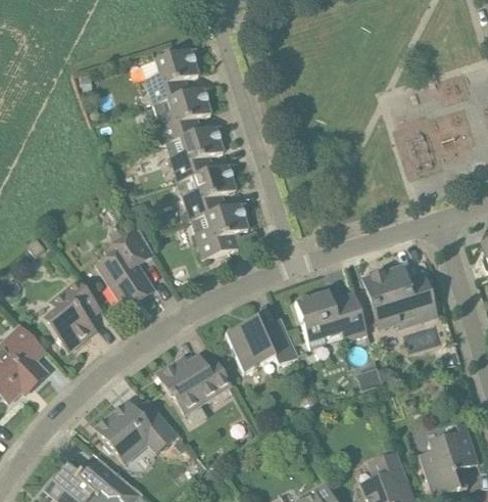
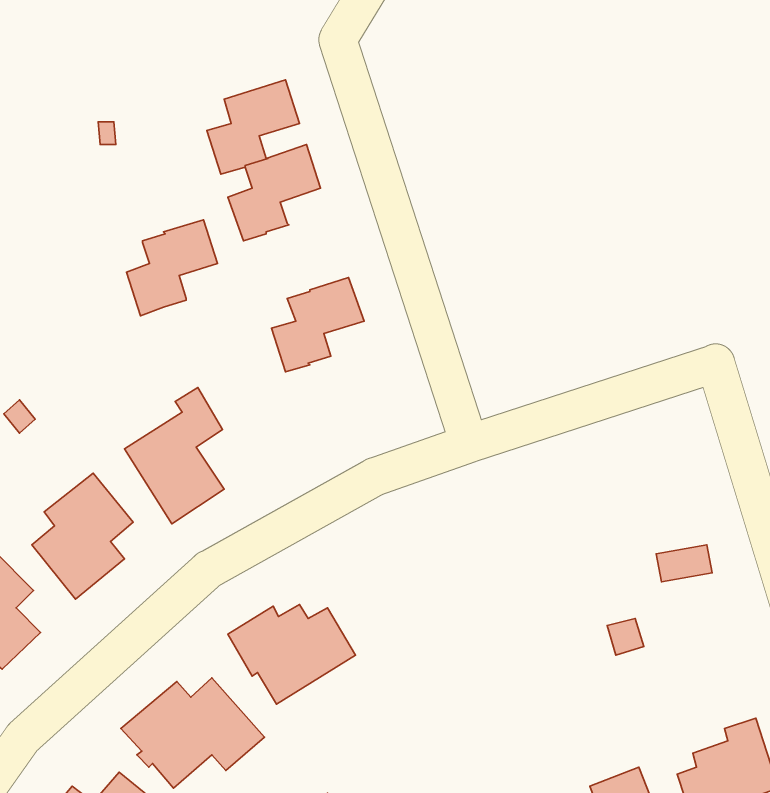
building: [170,126,224,182] -> [127,220,218,316]
building: [195,202,249,259] -> none
building: [363,267,436,327] -> none
building: [296,291,368,349] -> none
building: [226,318,299,372] -> none

